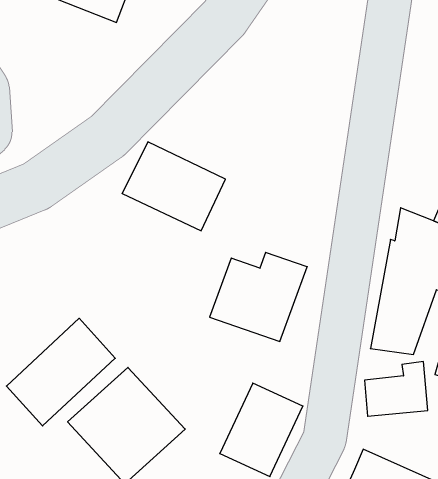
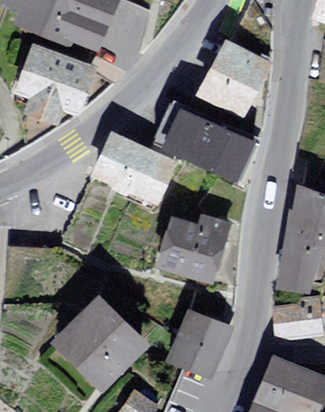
building: none -> [202,44,271,117]
building: none -> [21,45,97,120]
building: none -> [170,111,256,177]
building: [6,318,115,426] -> none

